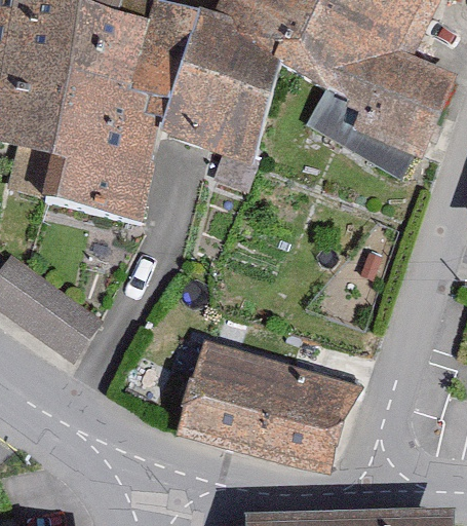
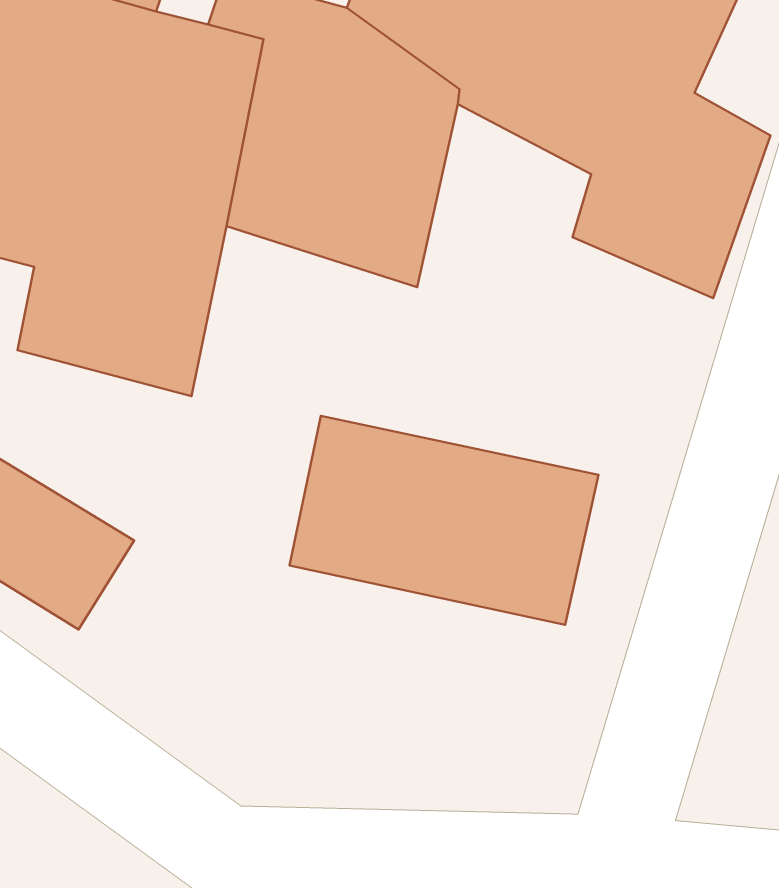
building: [183,343,354,459] -> [289,416,598,625]

